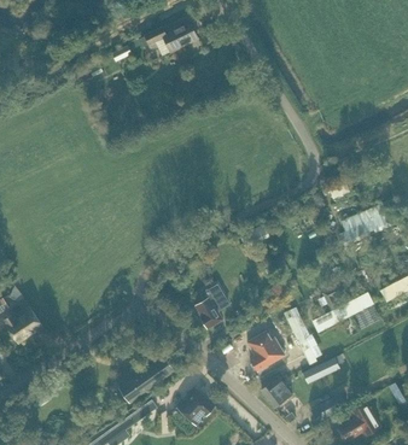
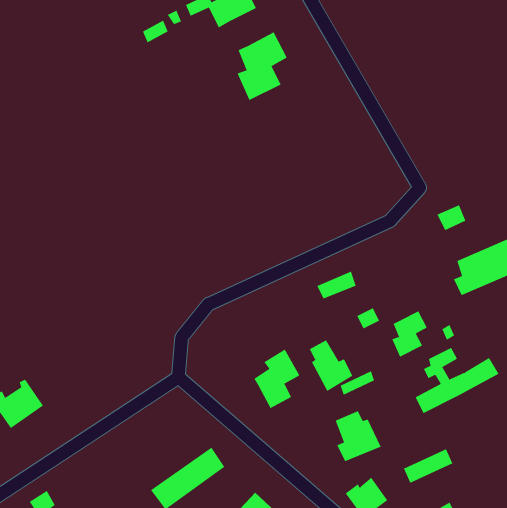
building: none -> [237,32,287,101]
building: none -> [392,310,428,357]
building: none -> [309,339,353,392]

